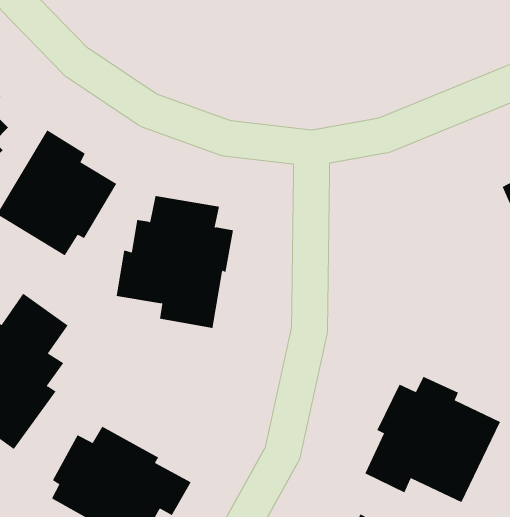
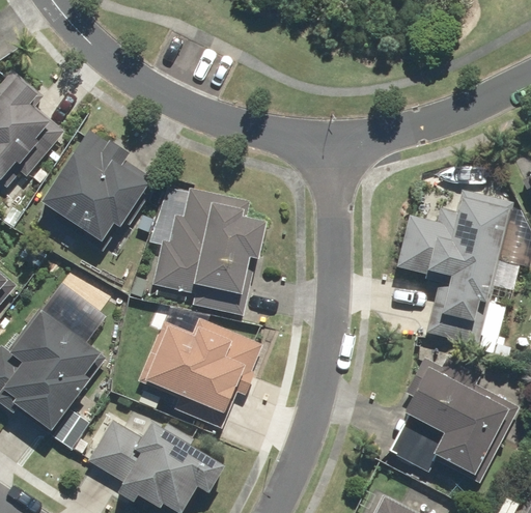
building: none -> [396,183,524,346]
building: none -> [138,318,264,429]

